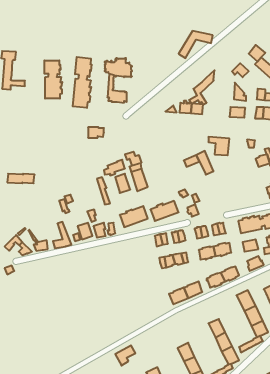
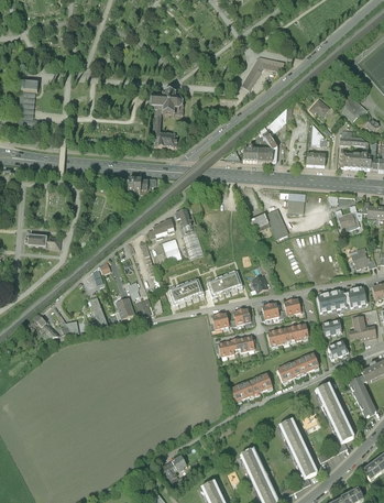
building: [73,57,91,108] -> none
building: [44,60,62,99] -> none

